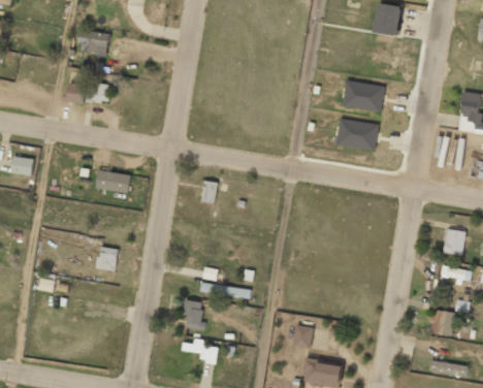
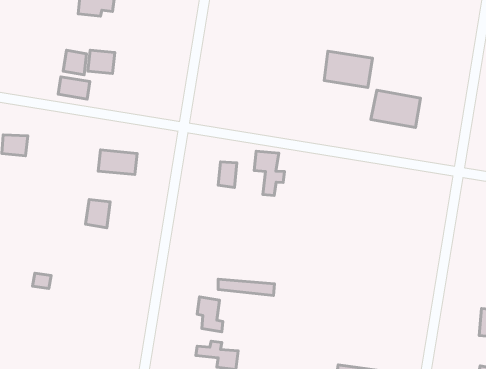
building: [343,80,385,112] -> [324,51,372,88]
building: none -> [58,77,90,99]
building: none -> [254,151,285,195]
building: [97,247,119,271] -> [86,200,110,228]
building: [293,325,313,348] -> none

